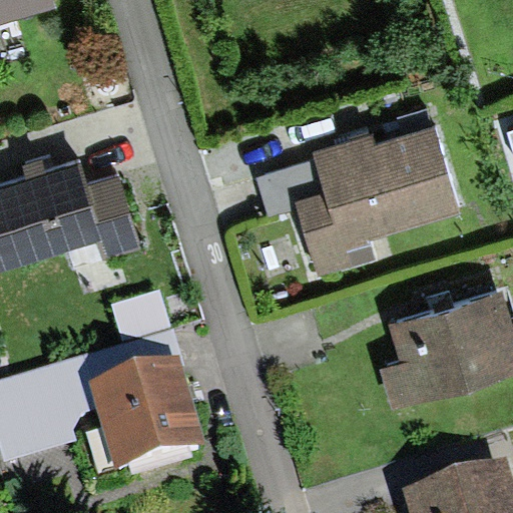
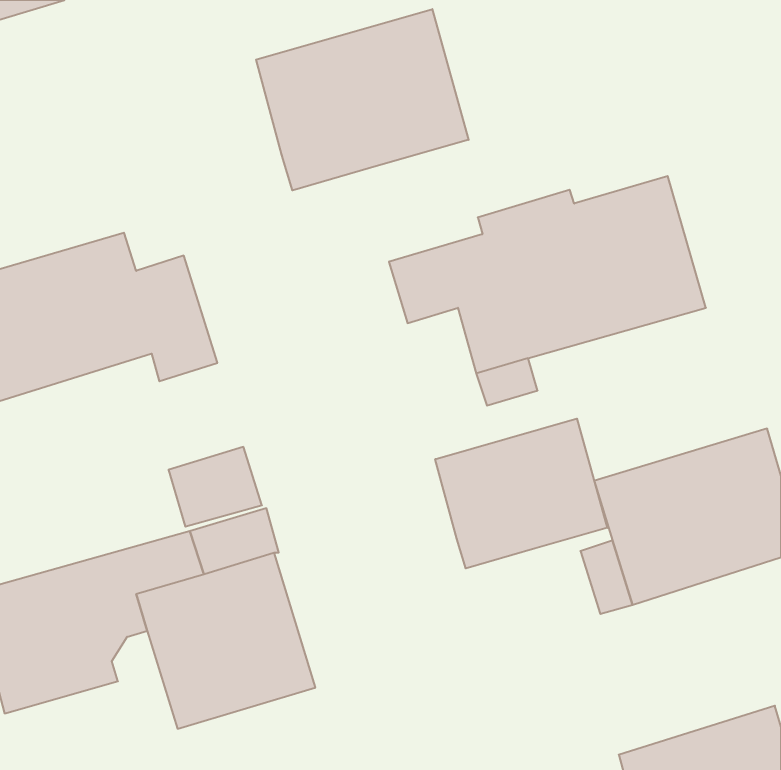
building: none -> [256,9,469,190]
building: none -> [435,419,607,568]

